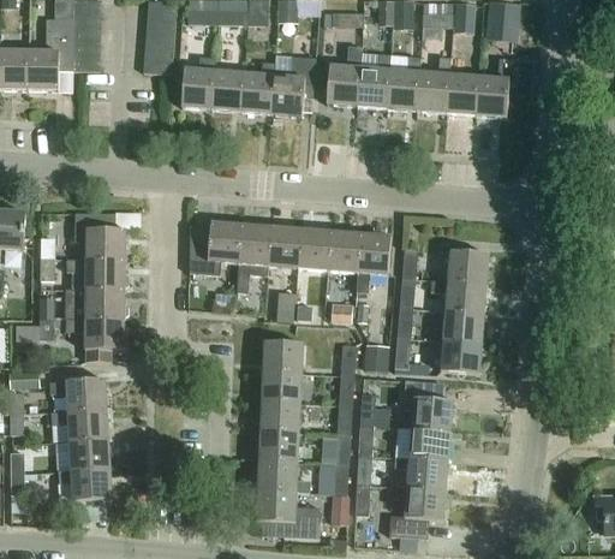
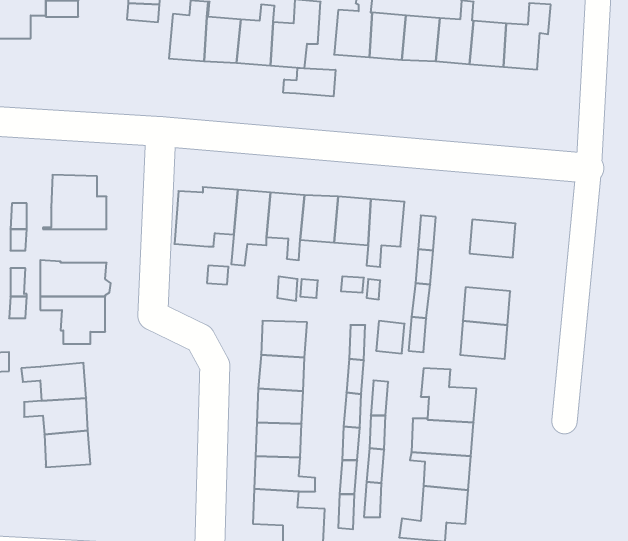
building: none -> [283,68,335,96]
building: [68,260,129,290] -> none
building: [430,279,485,315] -> none
building: [58,469,113,502] -> none

